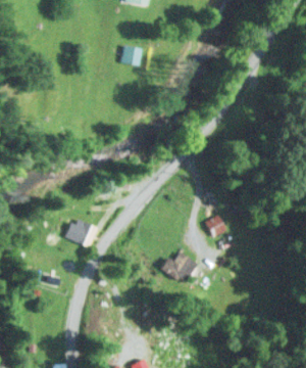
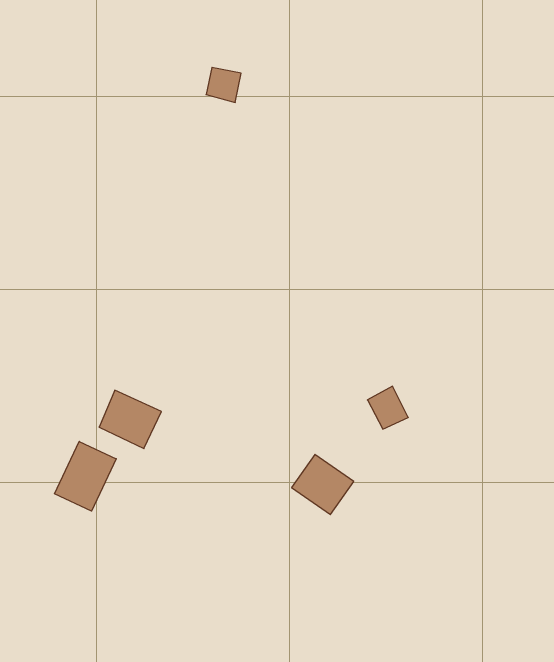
building: none -> [54,441,116,511]

